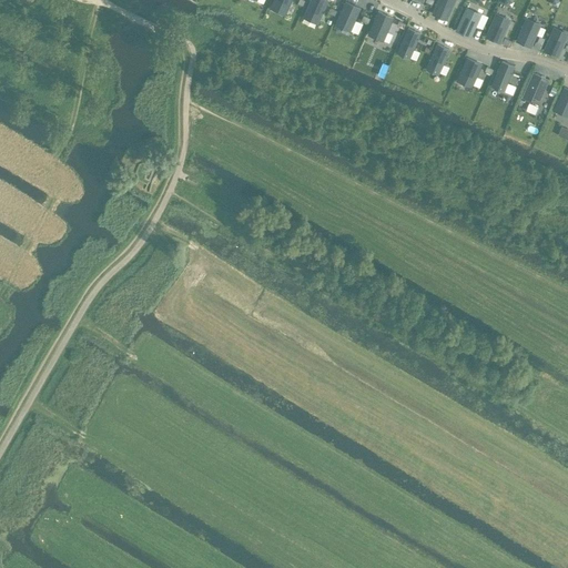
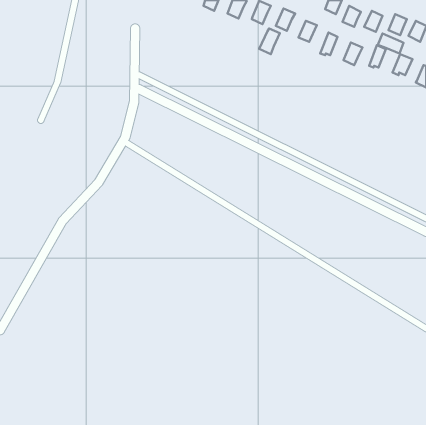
building: none -> [259,29,280,54]
building: none -> [378,34,403,53]

